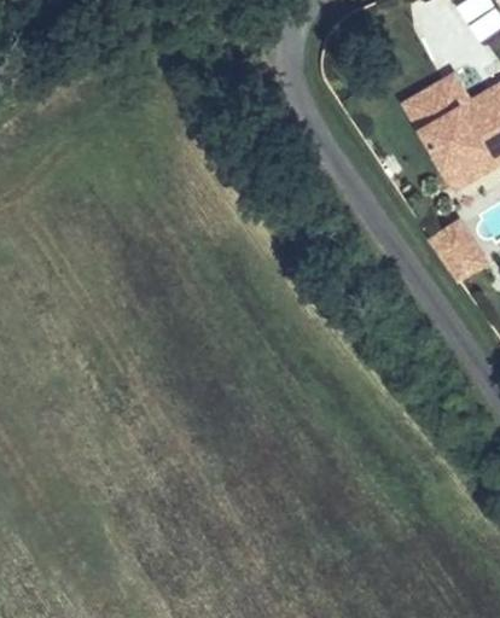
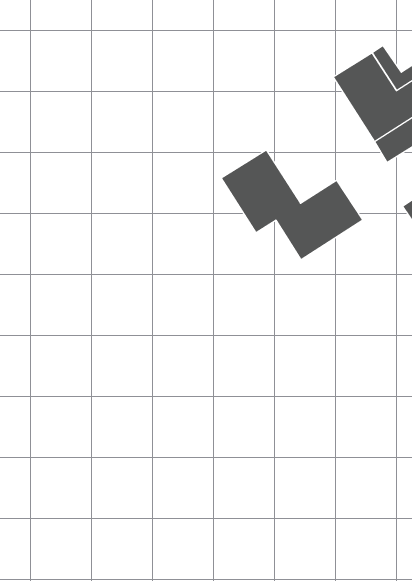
building: none -> [221,150,363,260]

